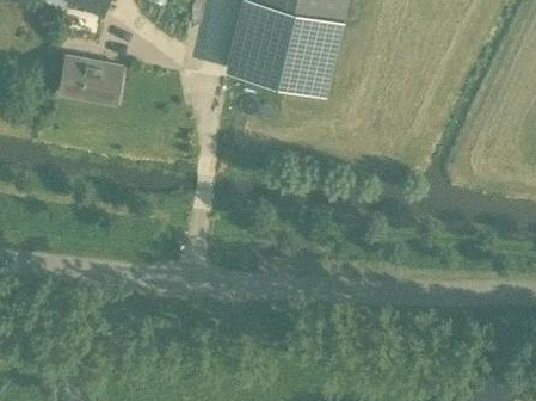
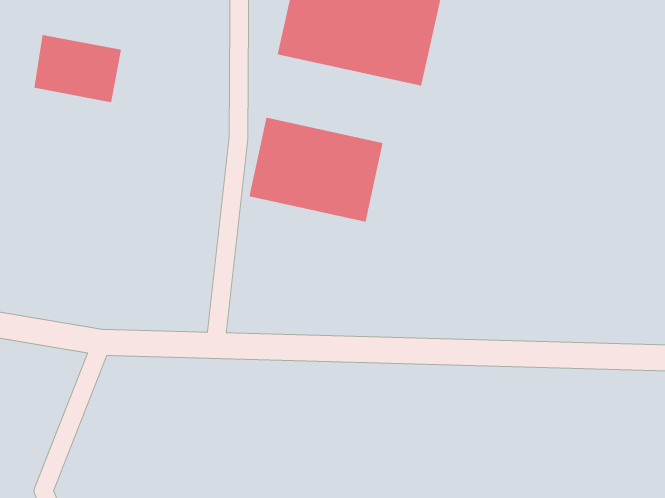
building: none -> [249,117,383,222]

